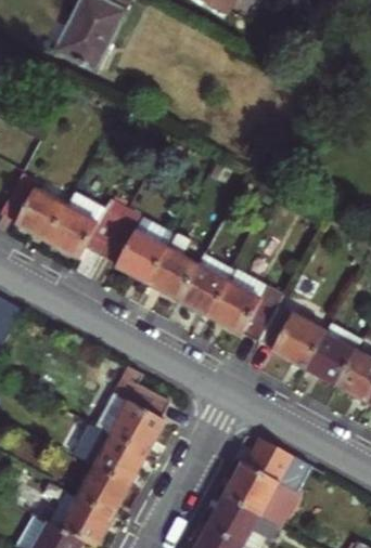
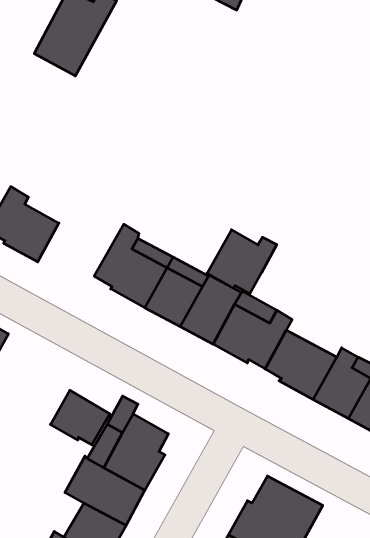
building: [50,190,130,259] -> none
building: none -> [207,230,277,294]
building: none -> [50,390,110,445]

